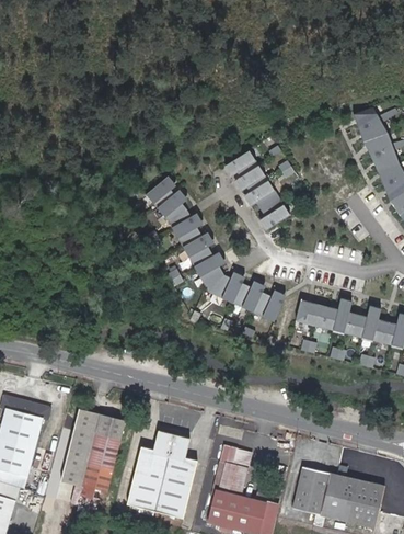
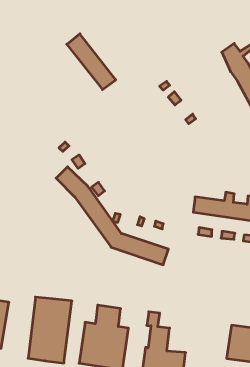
building: [230,151,289,227] -> [67,34,116,90]
building: [146,182,282,322] -> [56,167,168,265]
building: [293,467,331,516] -> none

